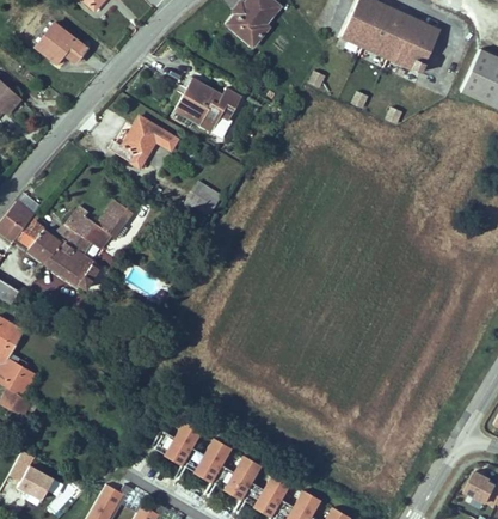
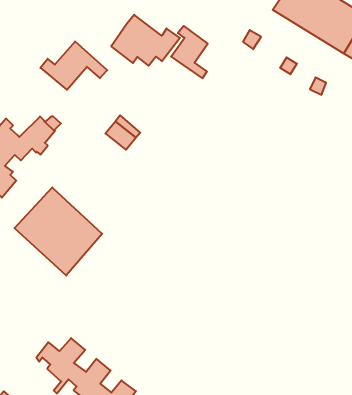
building: none -> [171,26,208,78]
building: none -> [14,187,102,276]

